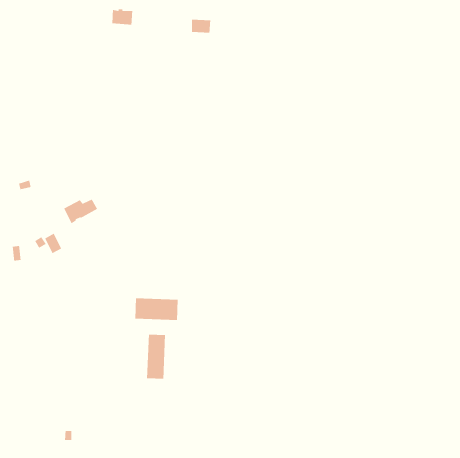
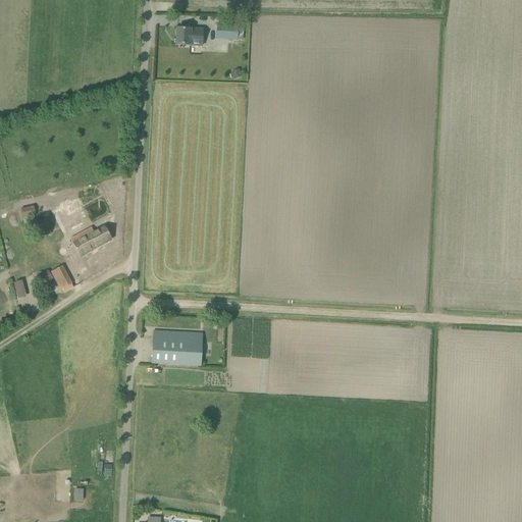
building: [111,8,133,26] -> [176,24,201,44]
building: [146,334,166,379] -> none

